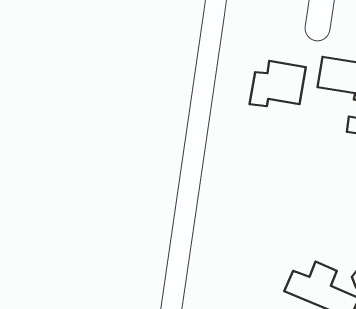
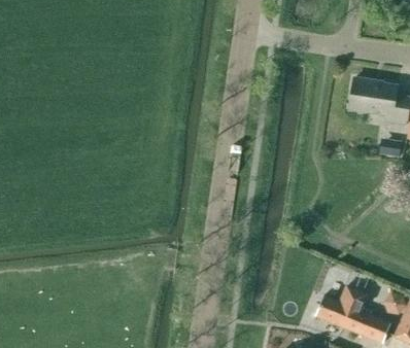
building: [250,61,306,106] -> none

